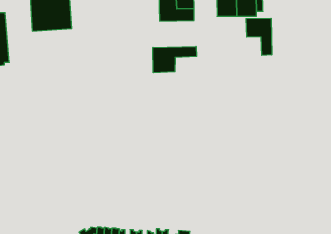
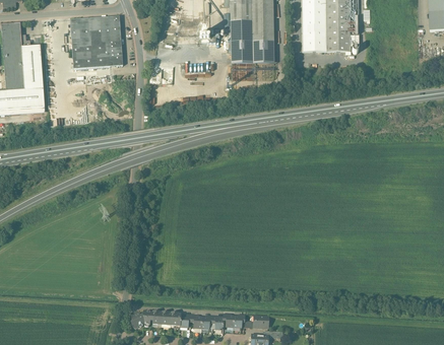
building: [246,18,272,55] -> none
building: [153,46,197,73] -> none

